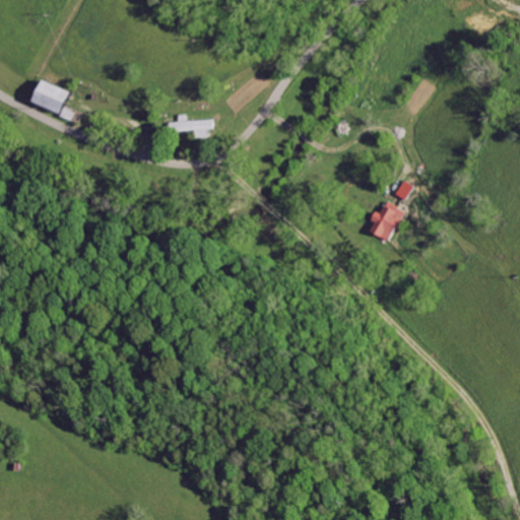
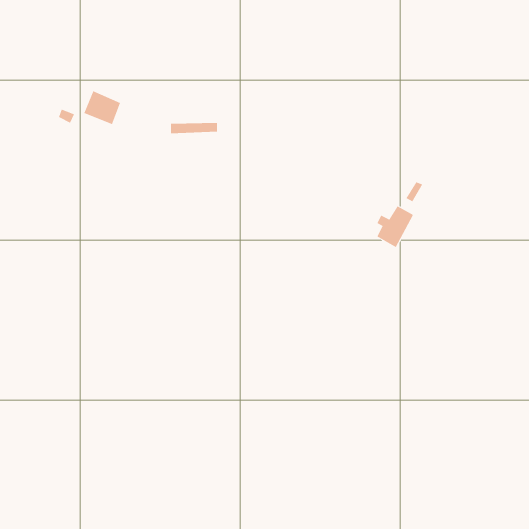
building: [28,78,65,112] -> [84,90,121,125]

